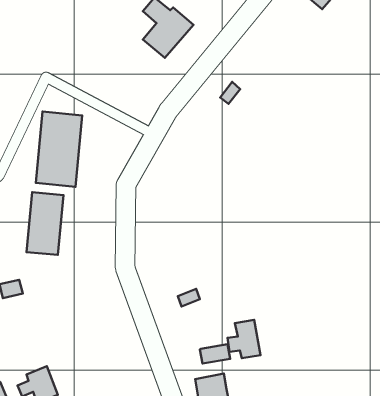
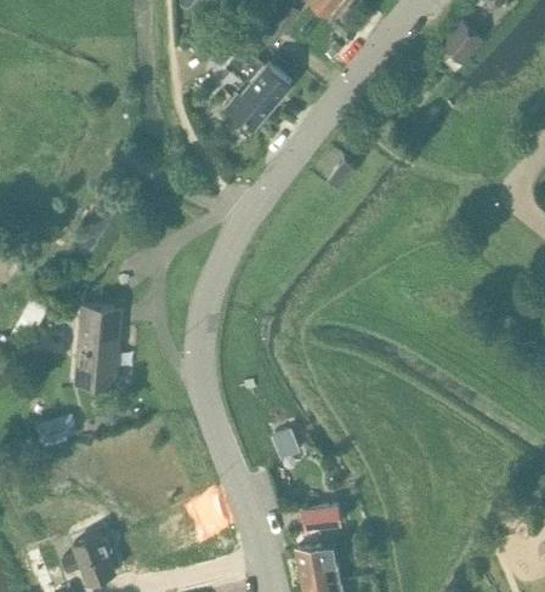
building: [36,112,82,187] -> none
building: [227,320,260,358] -> none

